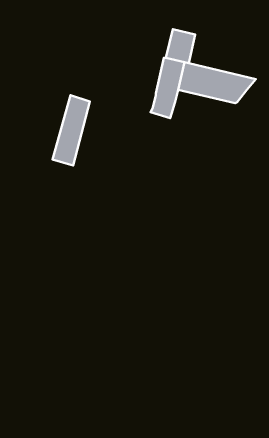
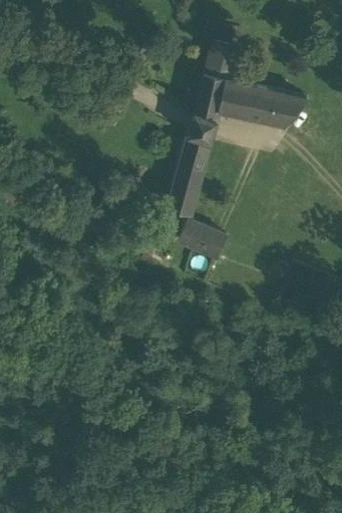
building: [53,95,90,166] -> [168,136,211,215]
building: none -> [178,219,228,259]

